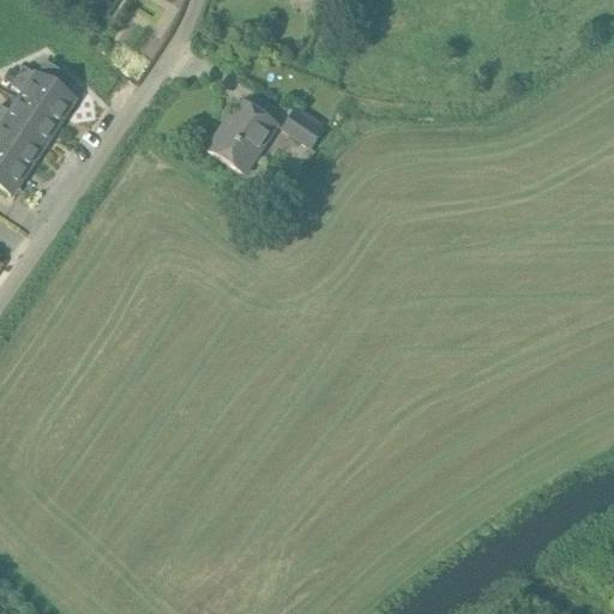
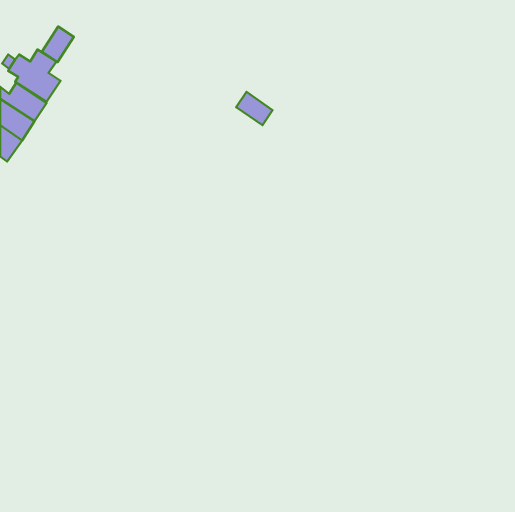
building: none -> [42,27,74,62]
building: [207,101,276,171] -> none

